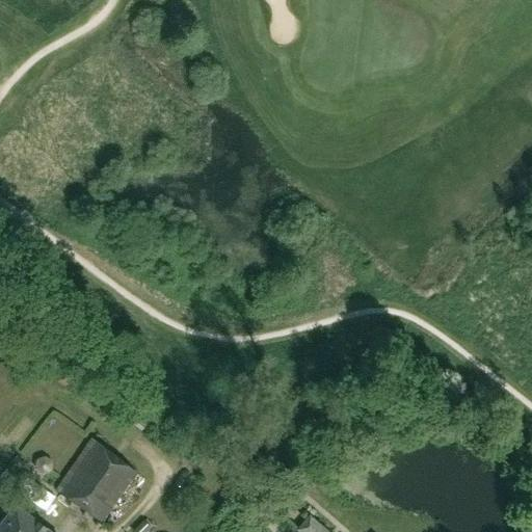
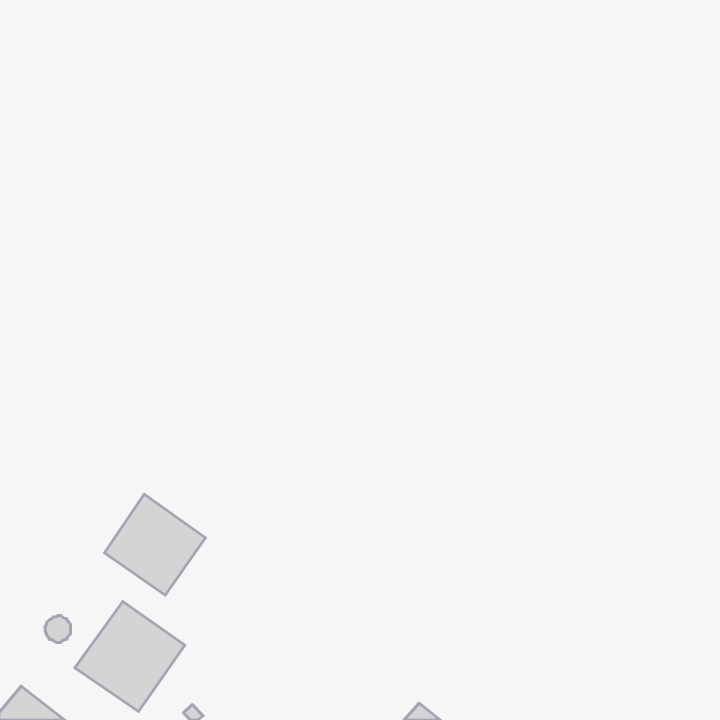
building: none -> [105,494,205,595]

